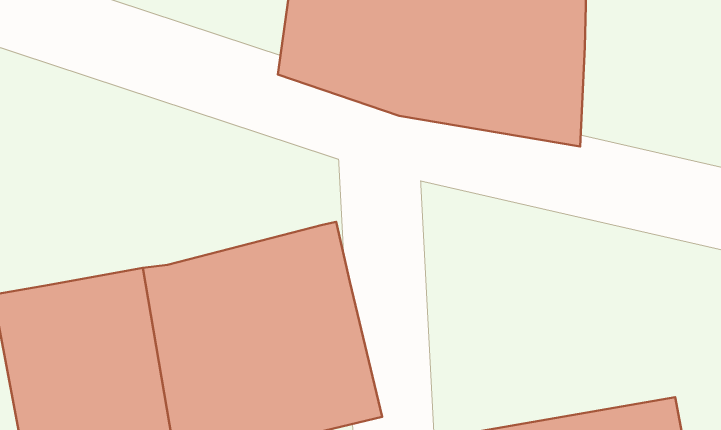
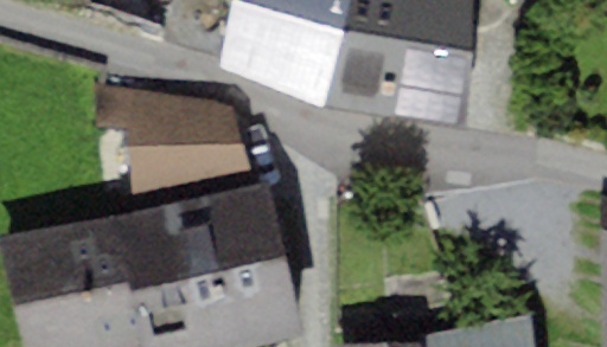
building: none -> [100,84,256,214]

